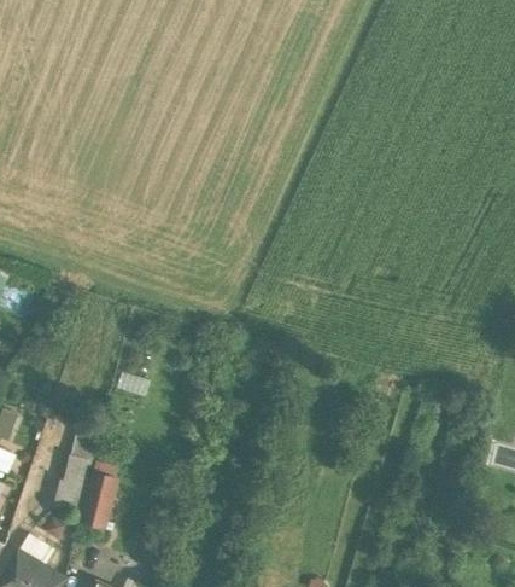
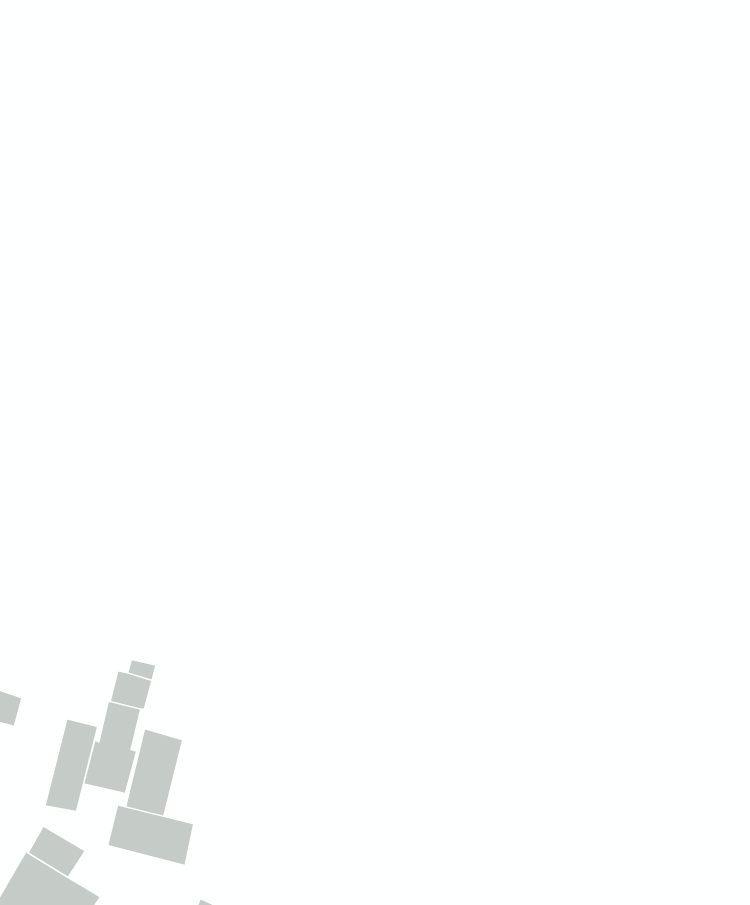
building: none -> [45,719,98,811]
building: none -> [107,805,194,866]

